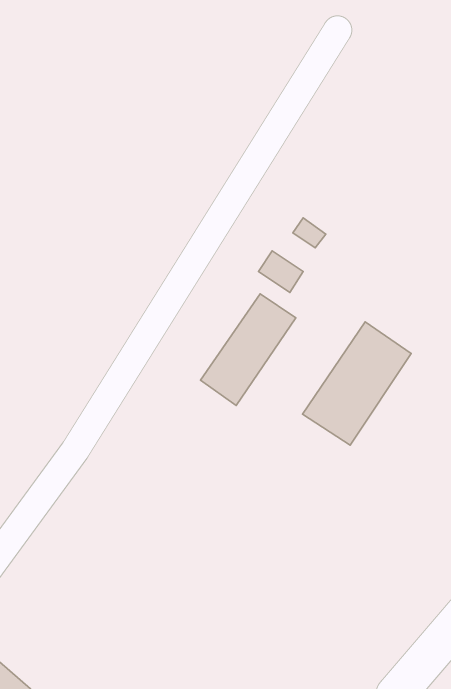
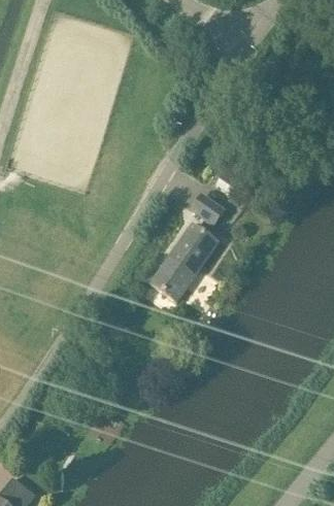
building: [303,322,411,445] -> none

